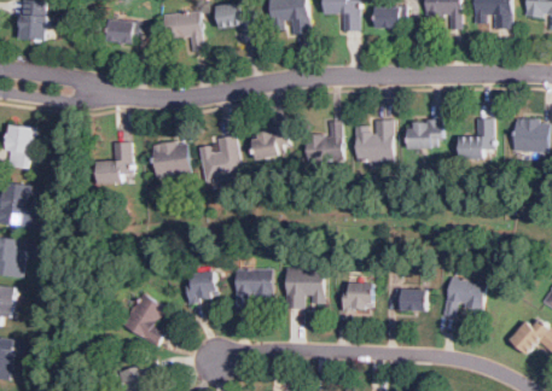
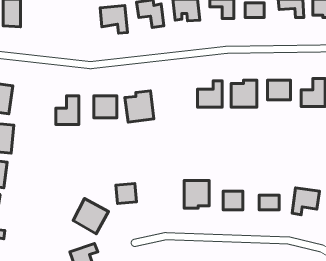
building: [106,18,140,45] -> none
building: [254,130,286,157] -> none
building: [236,269,272,308] -> none

